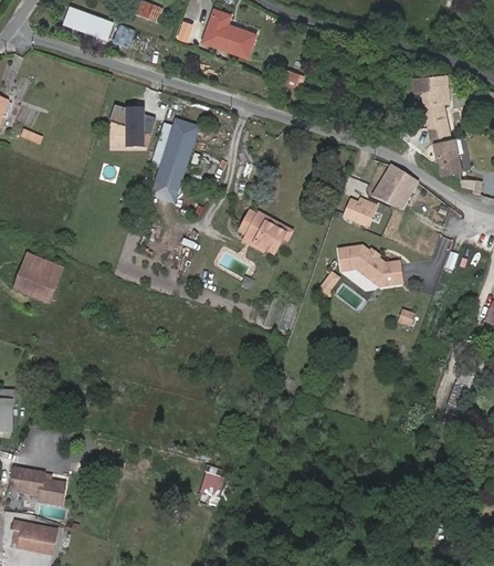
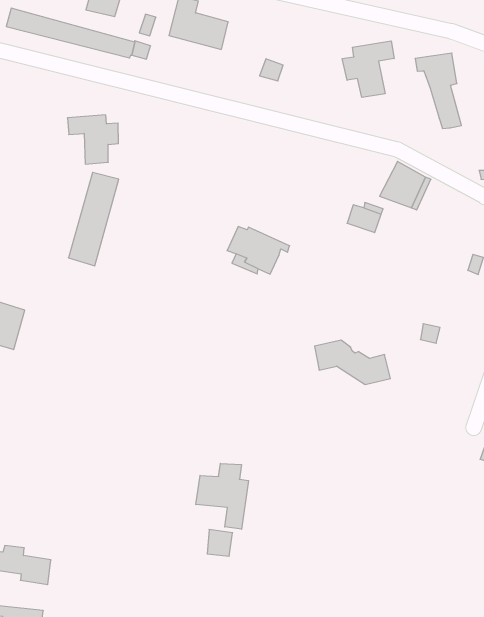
building: none -> [342,41,394,97]
building: [149,120,198,201] -> [68,172,119,266]
building: [432,138,461,176] -> none
building: [339,247,402,286] -> [315,340,390,384]
building: none -> [196,463,249,529]

